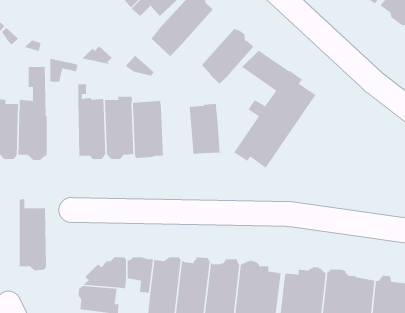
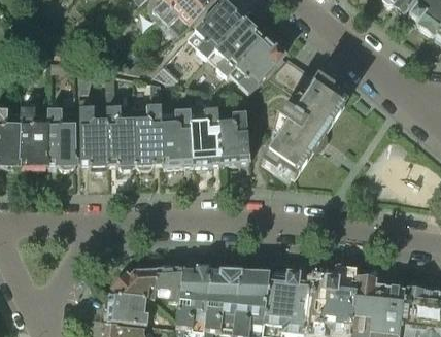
building: none -> [208,18,263,76]
building: none -> [191,107,222,166]
building: [19,198,47,271] -> [79,96,107,169]

